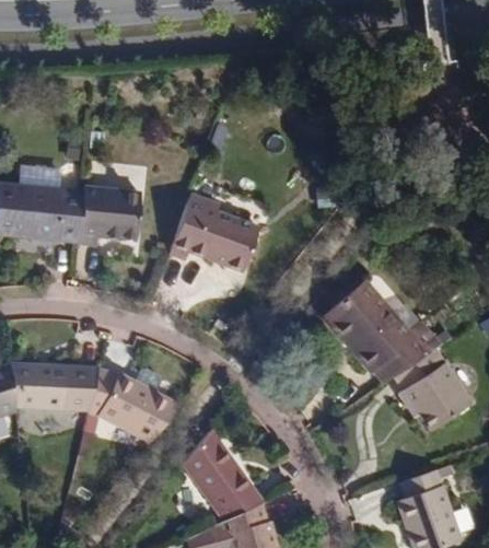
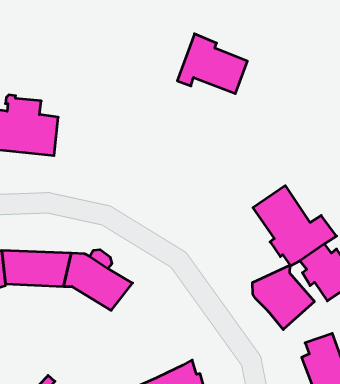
building: [79,187,141,245] -> none
building: [170,194,259,270] -> [177,34,247,94]
building: none -> [253,265,314,330]
building: [183,431,261,521] -> none

